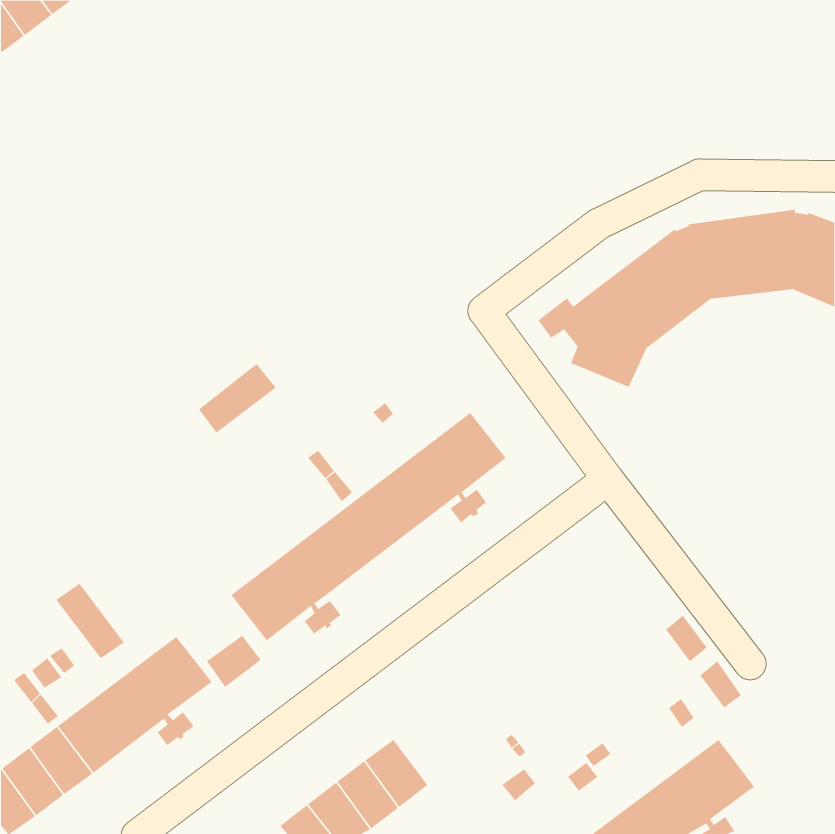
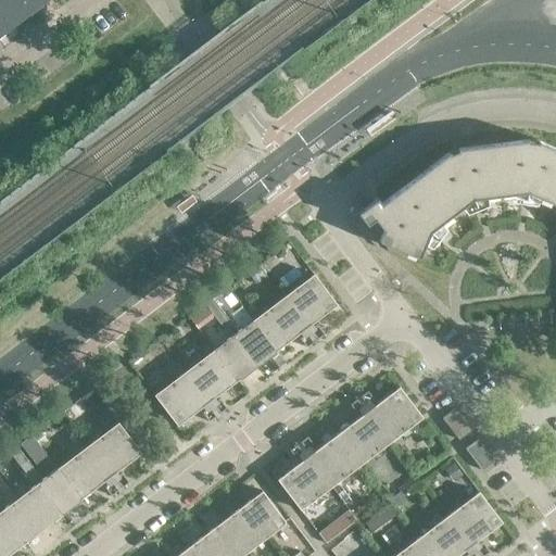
building: [198,363,277,434] -> none
building: none -> [277,388,422,511]
building: [56,583,125,659] -> none
building: [206,635,261,688] -> none

